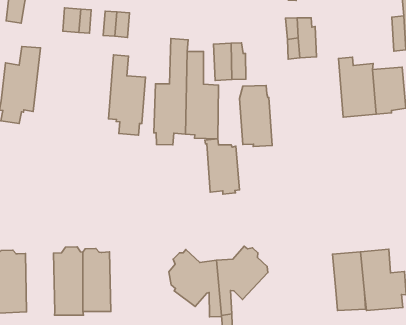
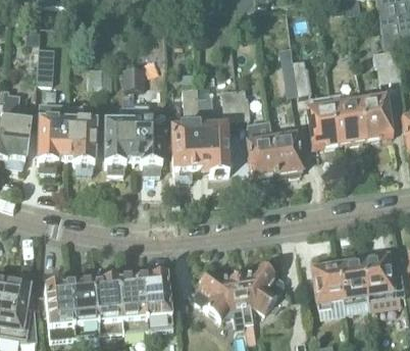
building: none -> [105,96,133,171]
building: none -> [66,103,96,171]
building: none -> [307,92,338,145]
building: [205,139,239,194] -> [269,126,303,173]
building: none -> [143,272,172,329]
building: none -> [311,260,344,307]
building: none -> [69,279,99,335]

